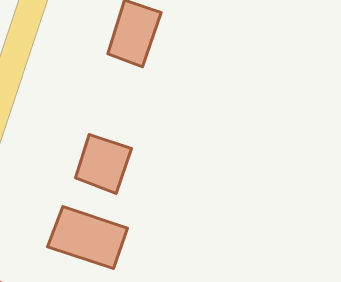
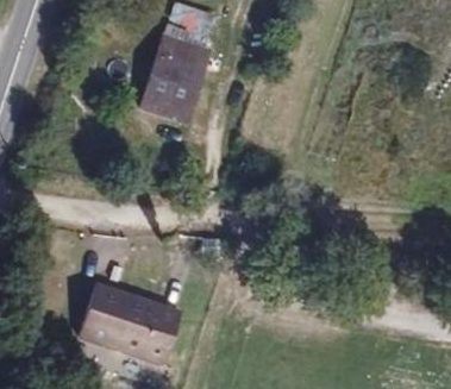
building: [75,134,132,193] -> none

